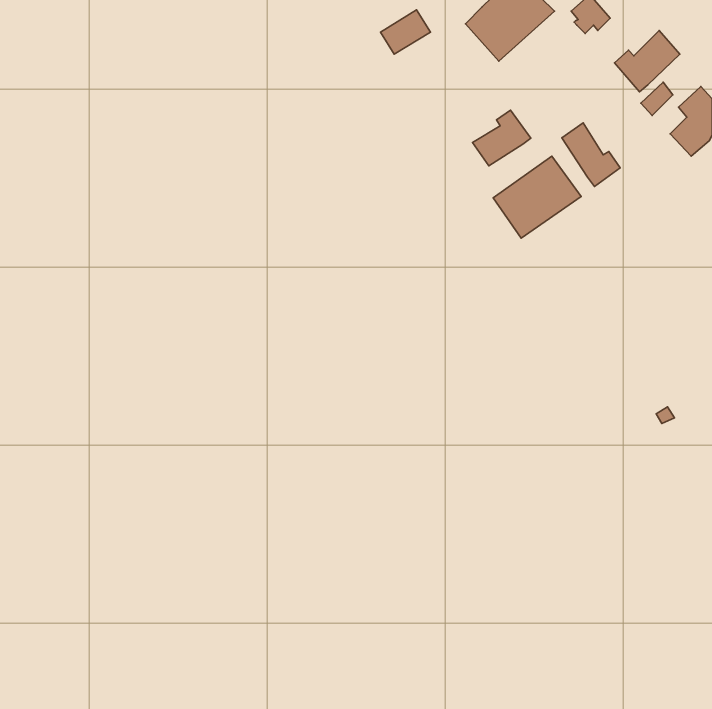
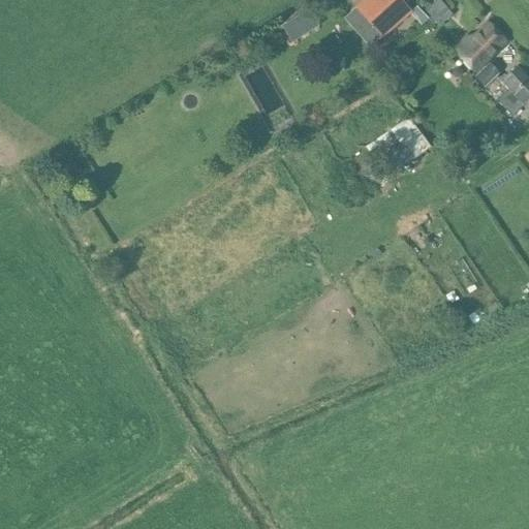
building: [473,110,531,166] -> none
building: [562,123,620,186] -> none

